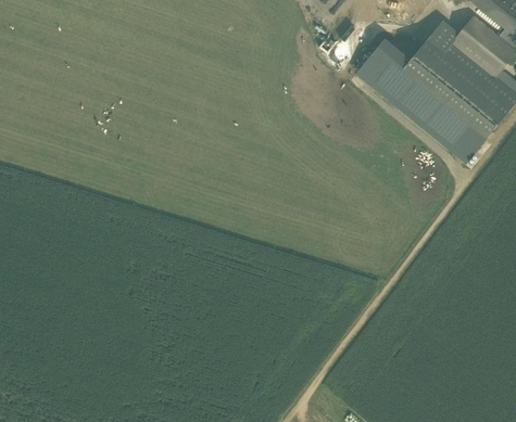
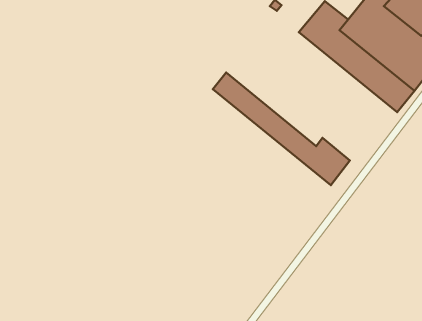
building: none -> [213,73,350,185]

